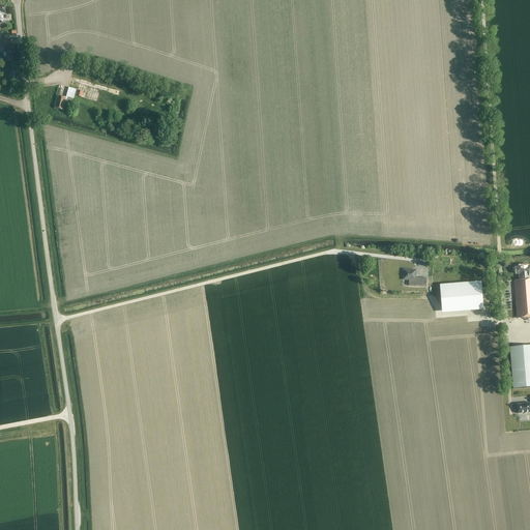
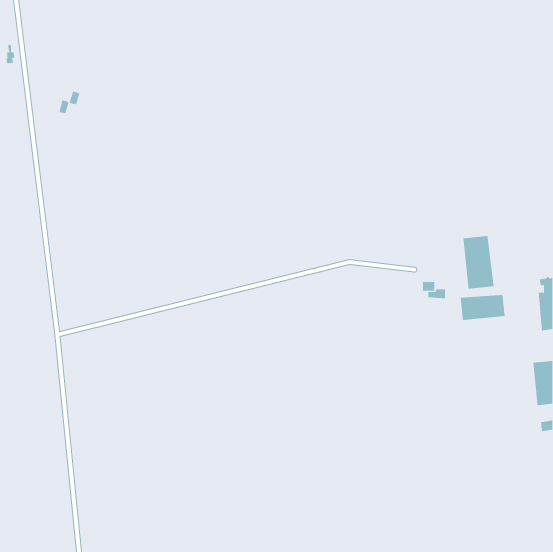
building: none -> [463,235,494,289]

